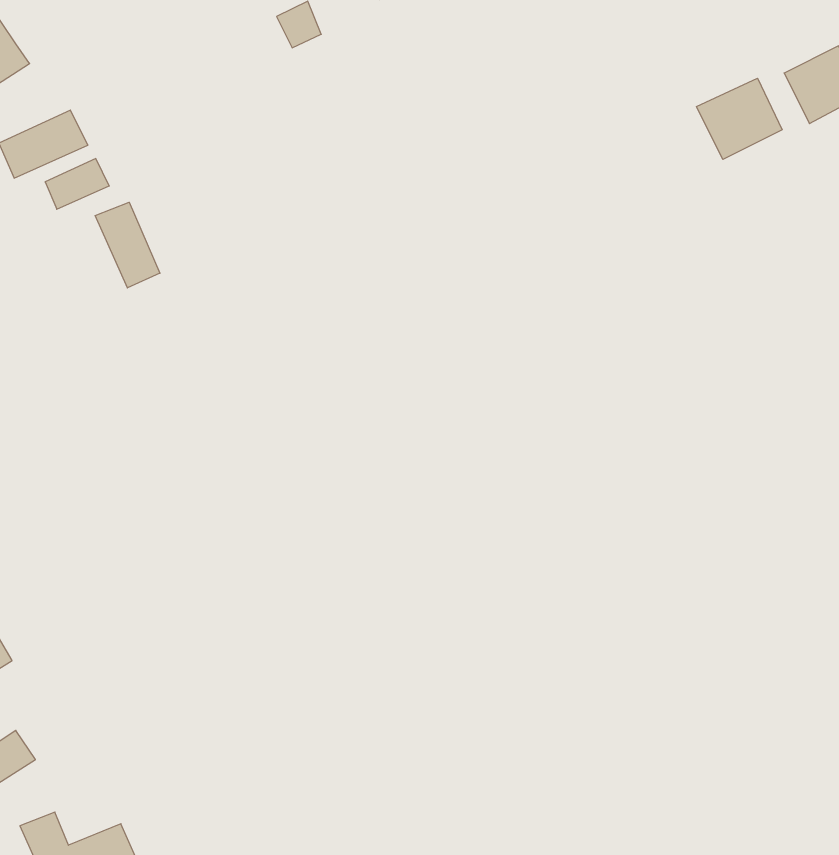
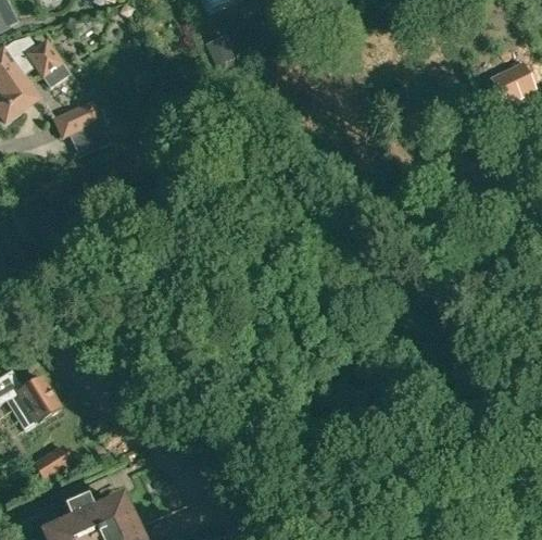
building: [697,78,782,159] -> none
building: [95,202,160,288] -> none

